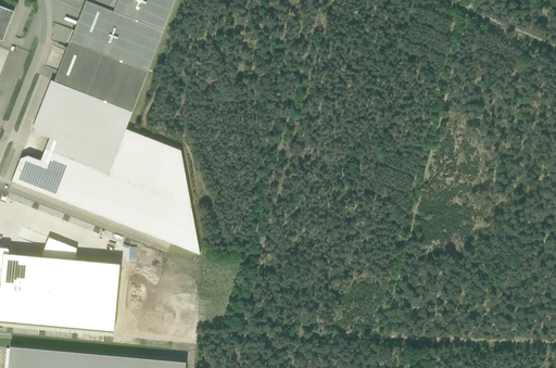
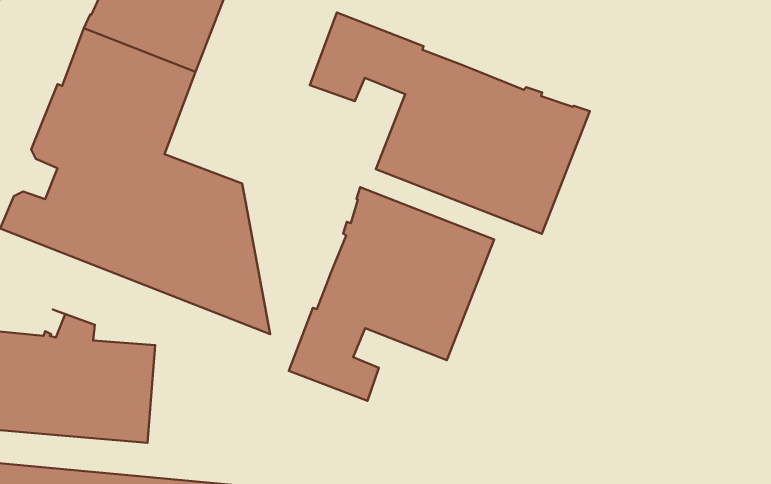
building: none -> [310,13,590,234]
building: none -> [289,187,494,401]

